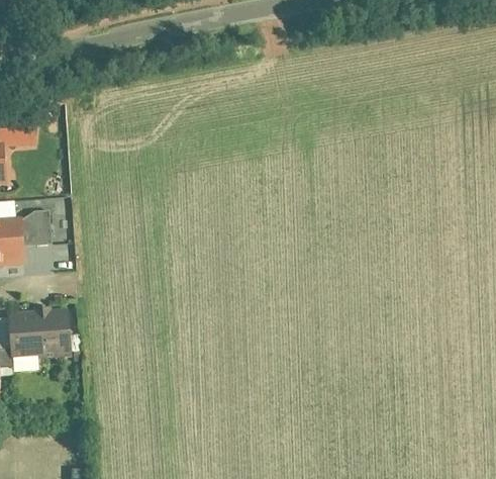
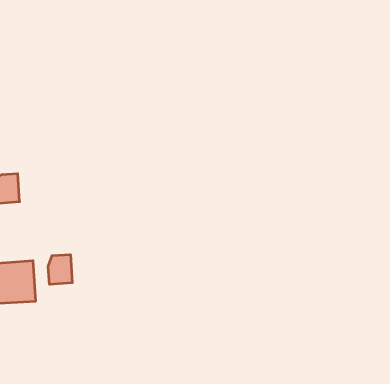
building: none -> [48,255,72,284]

